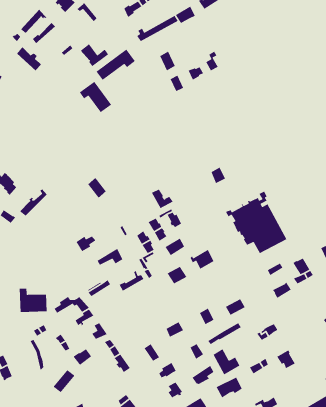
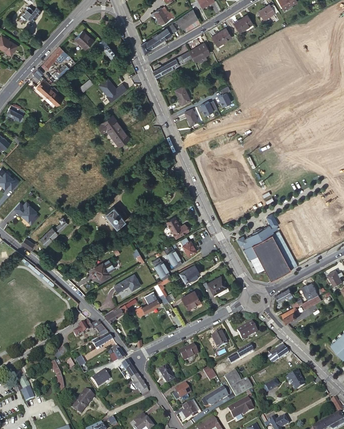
building: [95,49,136,81] -> none
building: [19,288,48,313] -> none

